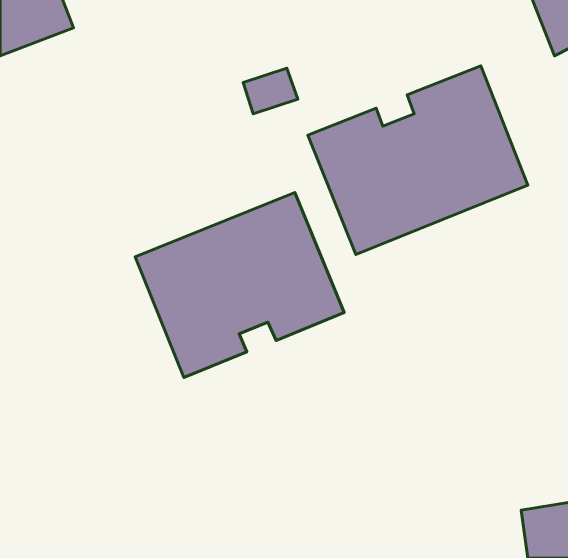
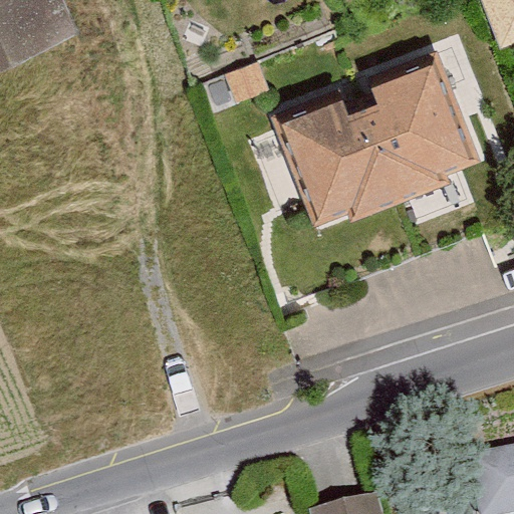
building: [135,193,344,378] -> none

